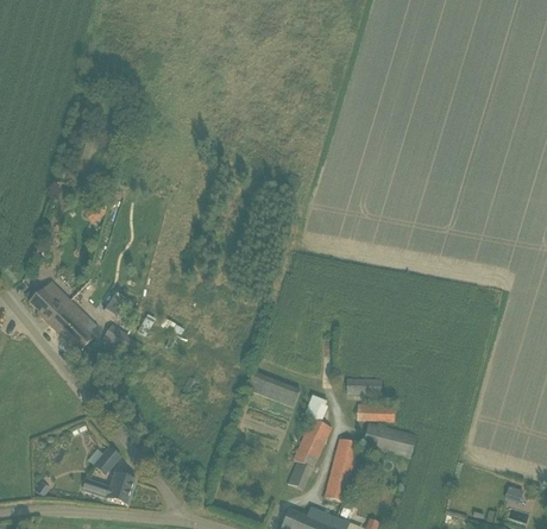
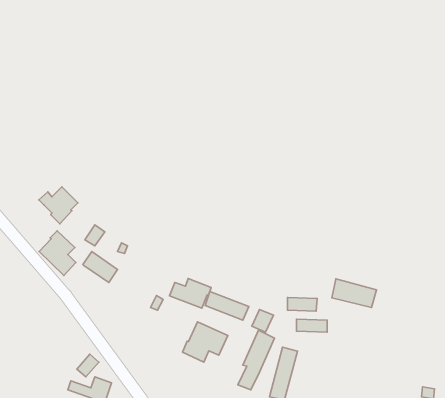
building: [24,279,70,323] -> [39,187,78,224]
building: none -> [169,279,211,308]
building: none -> [182,322,228,362]
building: [363,422,416,456] -> [332,279,376,308]

